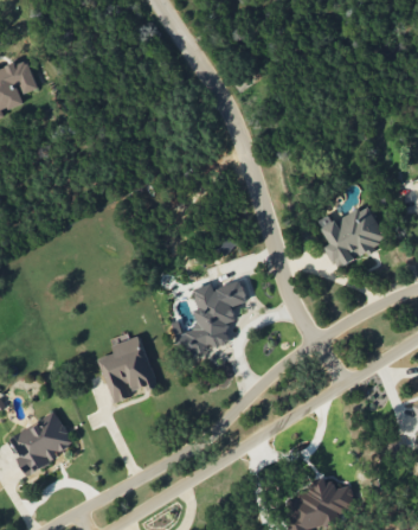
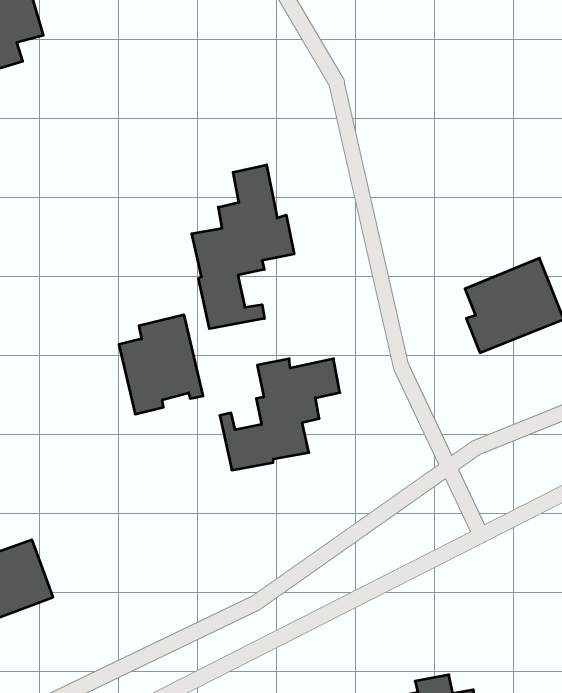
building: none -> [192,165,294,329]
building: [99,336,156,402] -> [119,315,203,414]

